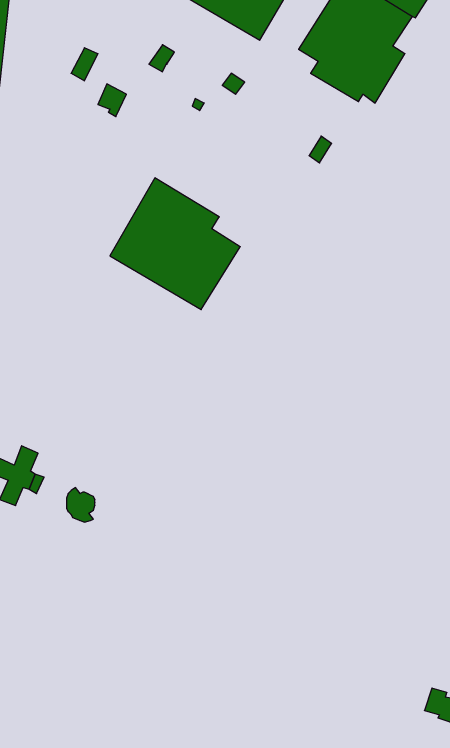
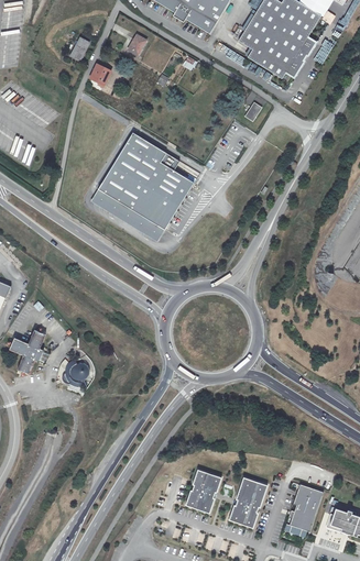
building: none -> [185,470,220,513]
building: none -> [288,483,323,530]
building: none -> [228,484,263,527]

